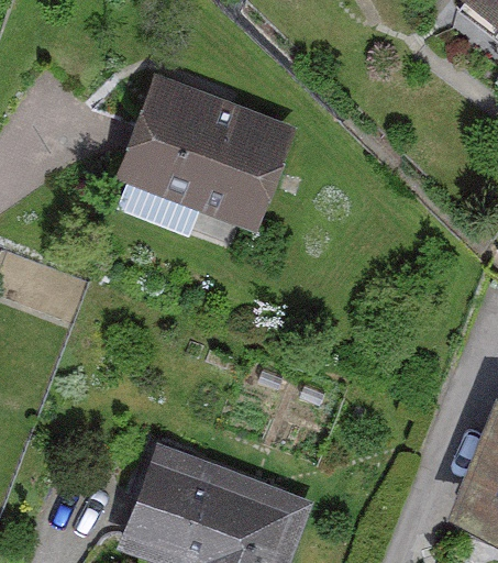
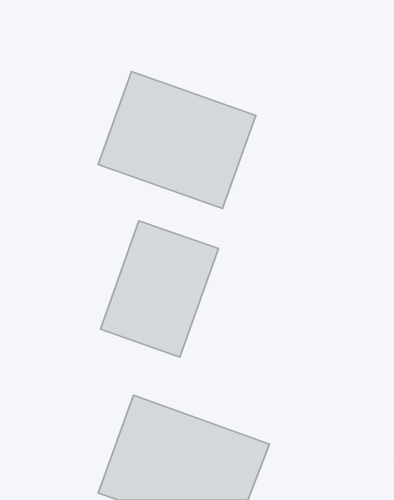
building: none -> [100,221,218,357]

